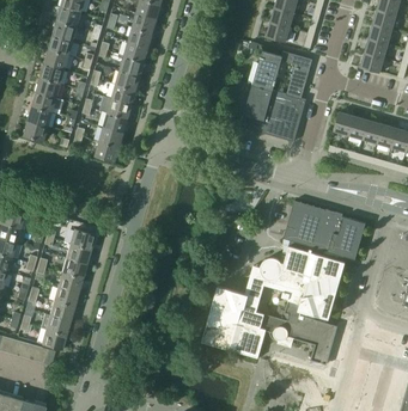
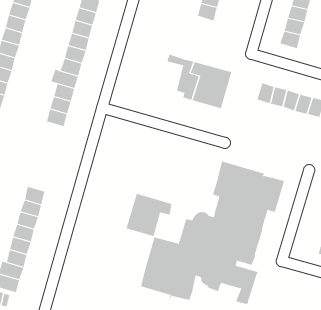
building: [252,51,312,99] -> none
building: none -> [126,193,172,237]

